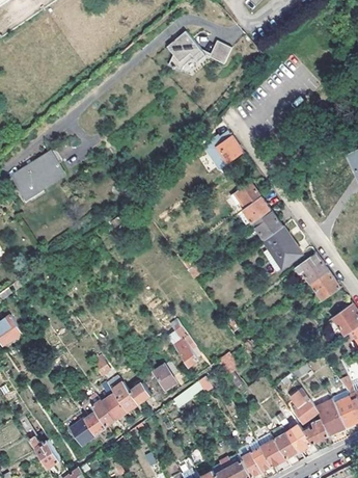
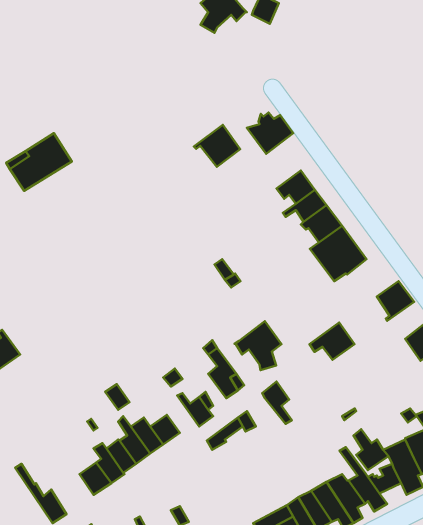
building: none -> [194,125,240,167]
building: [291,255,327,285] -> [309,322,355,360]
building: none -> [234,321,281,370]

